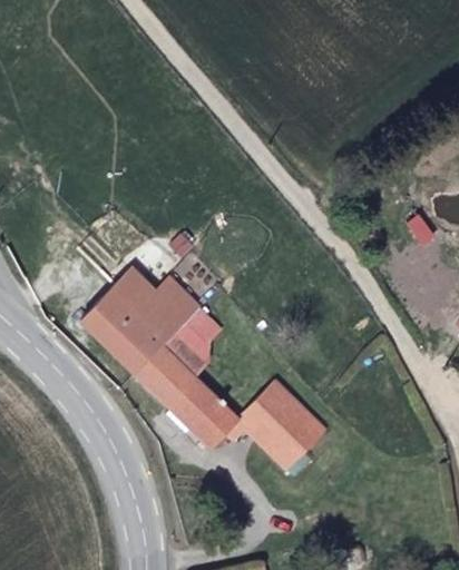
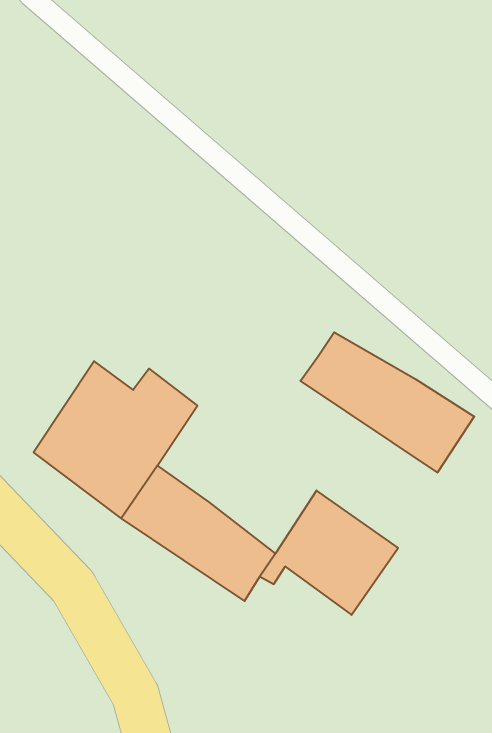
building: none -> [300,332,474,473]
building: [165,306,222,375] -> none

